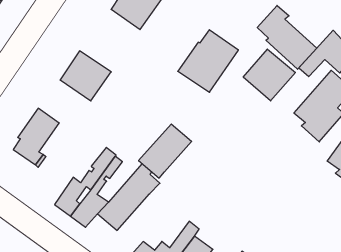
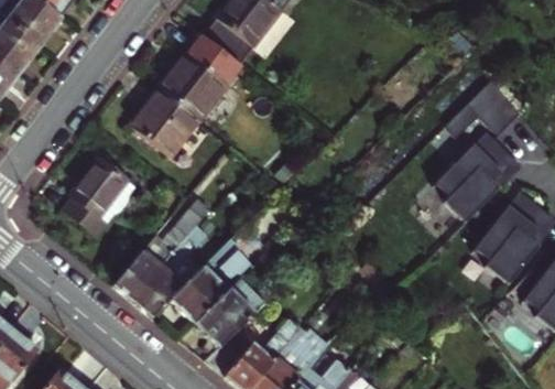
building: [257,5,317,69] -> none
building: [178,30,238,92] -> [160,35,240,117]
building: [243,49,295,101] -> none
building: [139,124,192,178] -> [195,279,265,348]

